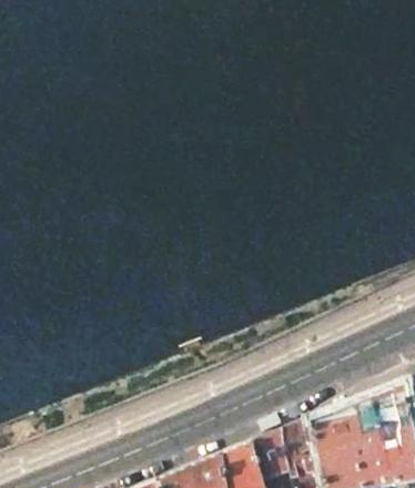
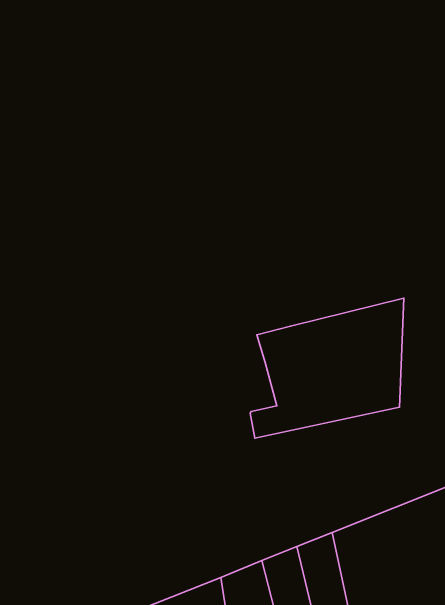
building: none -> [250,298,404,438]

